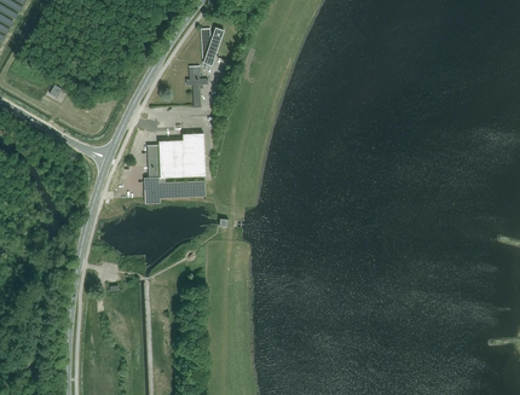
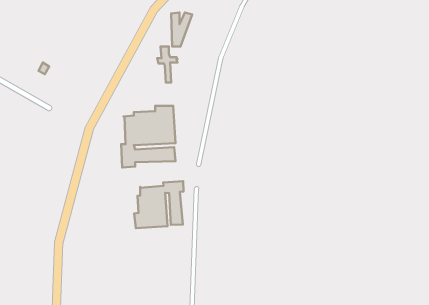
building: none -> [134,181,183,228]

